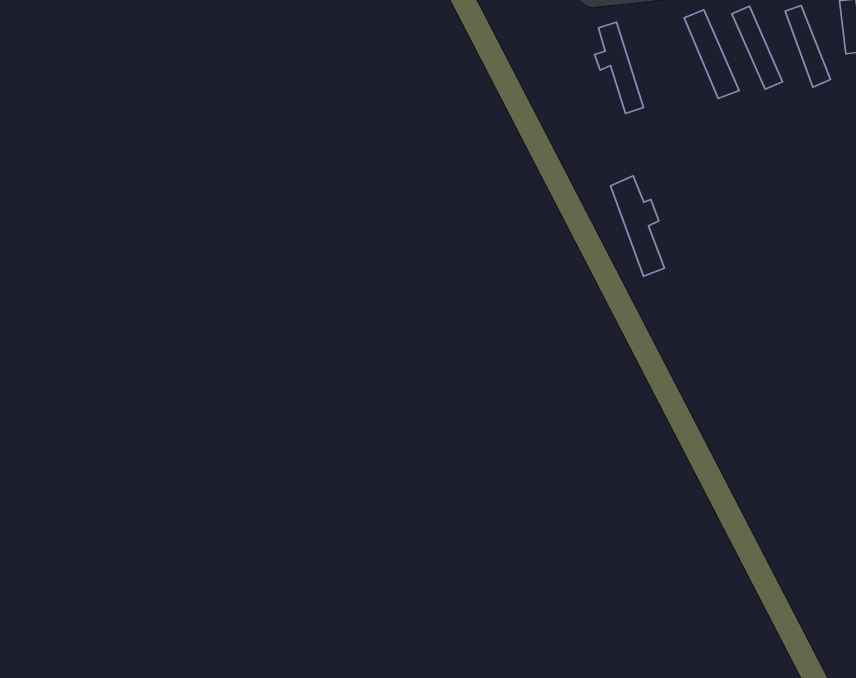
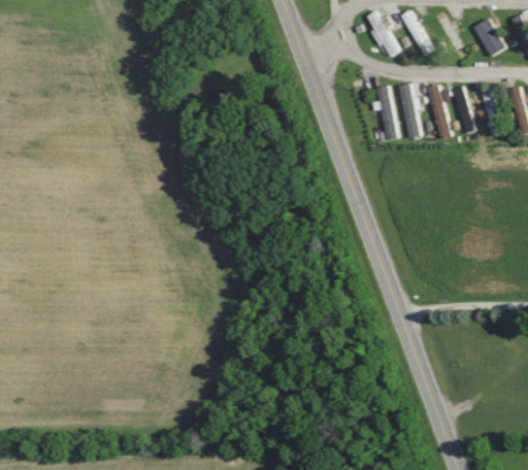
building: [610,176,665,276] -> [397,81,422,138]

